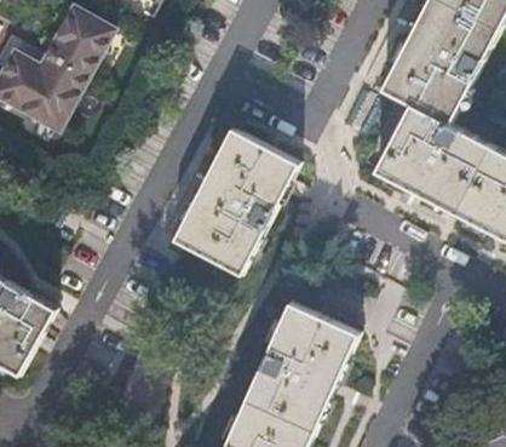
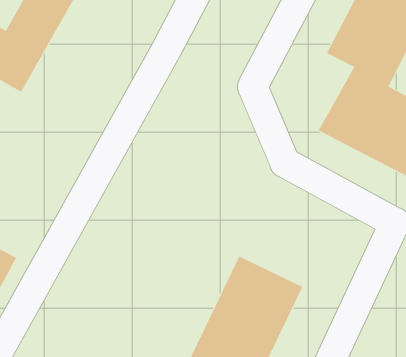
building: [174,131,297,275] -> none

